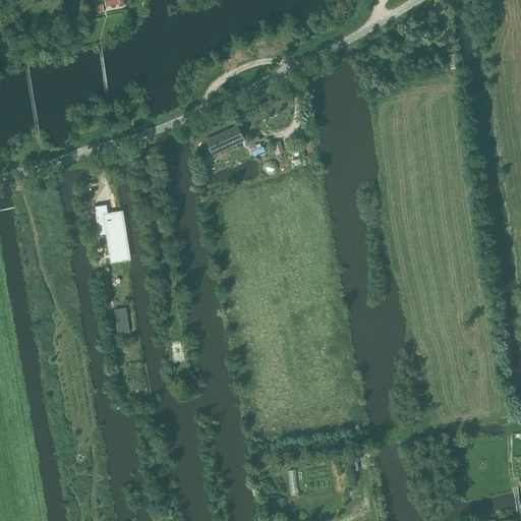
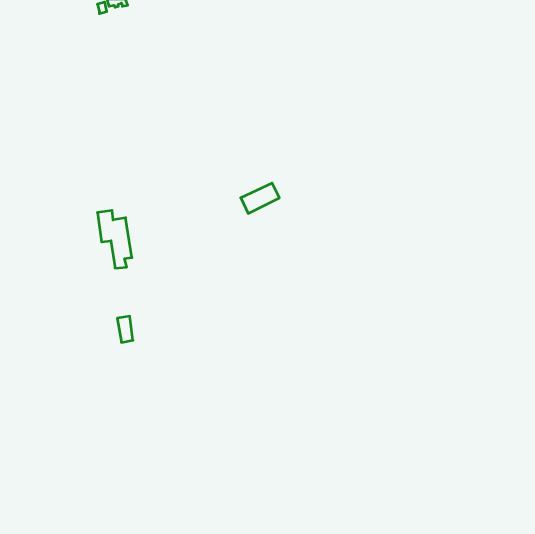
building: [207,125,244,155] -> [241,183,279,213]

